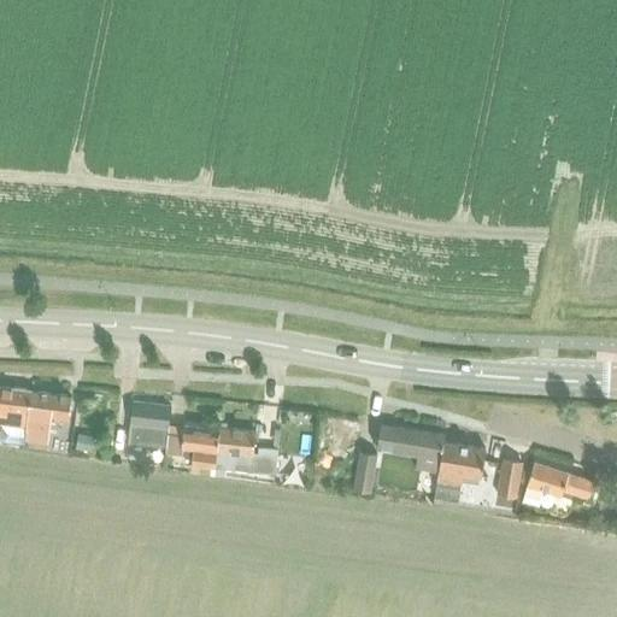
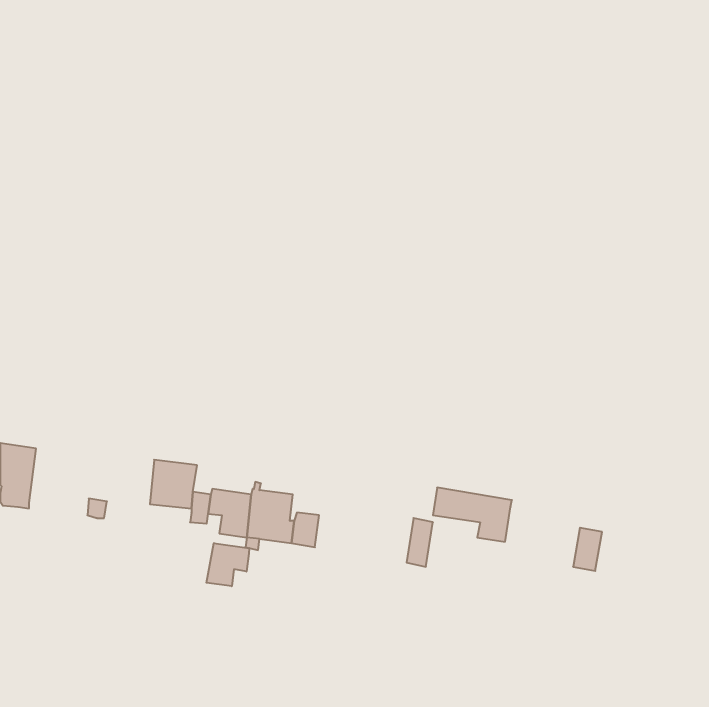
building: [25,392,71,441] -> none
building: [434,442,487,501] -> none
building: [521,463,594,505] -> none
building: none -> [206,543,249,586]

